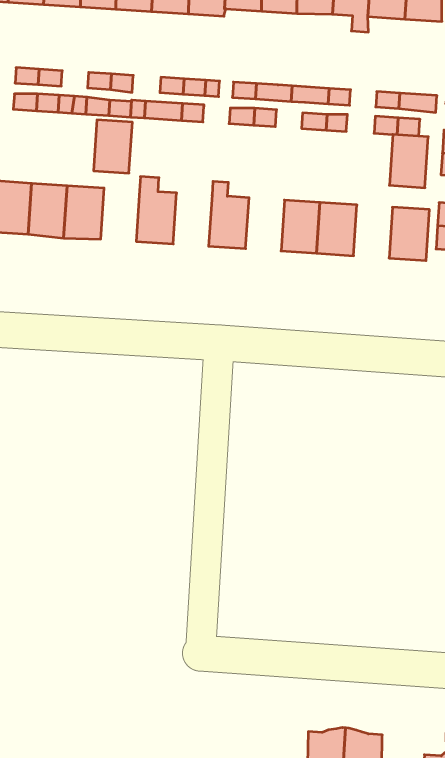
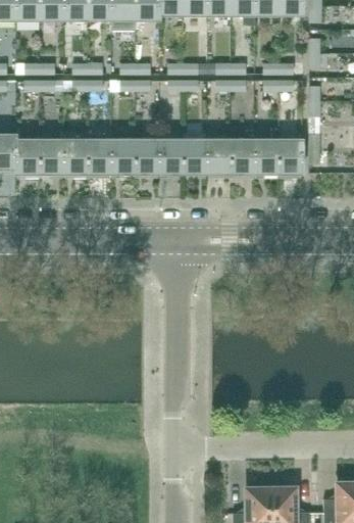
building: [94,120,132,173] -> [87,139,110,173]
building: [389,134,428,188] -> [254,139,277,173]
building: none -> [135,139,158,173]
building: none -> [183,139,206,173]

